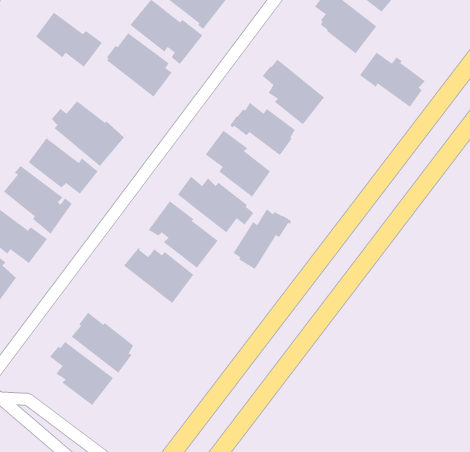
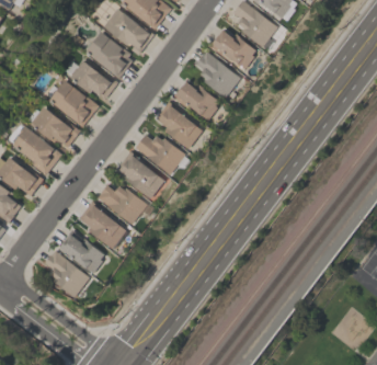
building: [35,12,103,68] -> [69,60,117,100]
building: [359,52,426,107] -> [209,30,256,69]
building: [233,208,292,270] -> none
building: none -> [79,202,128,249]

